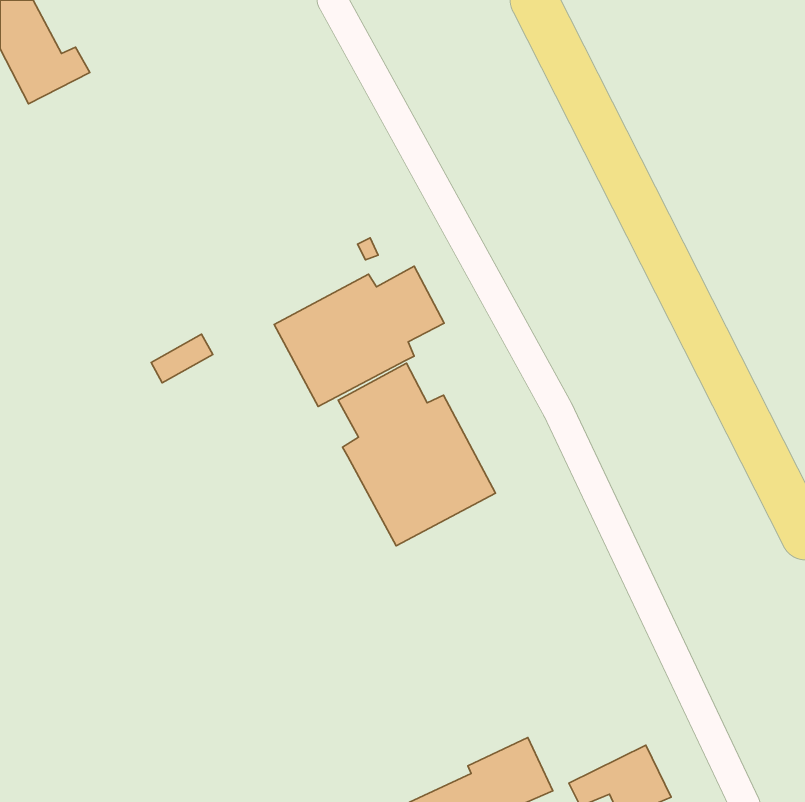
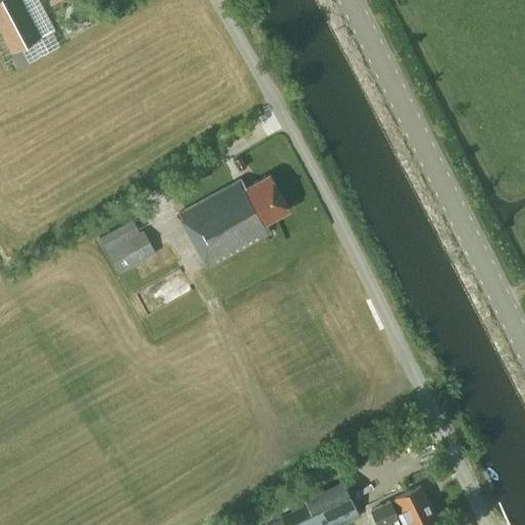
building: none -> [107,232,155,274]
building: [338,363,496,546] -> none

